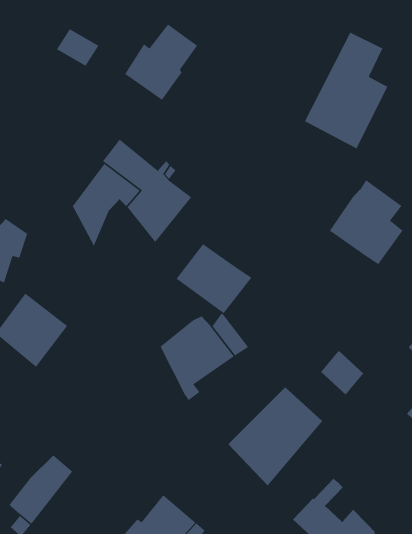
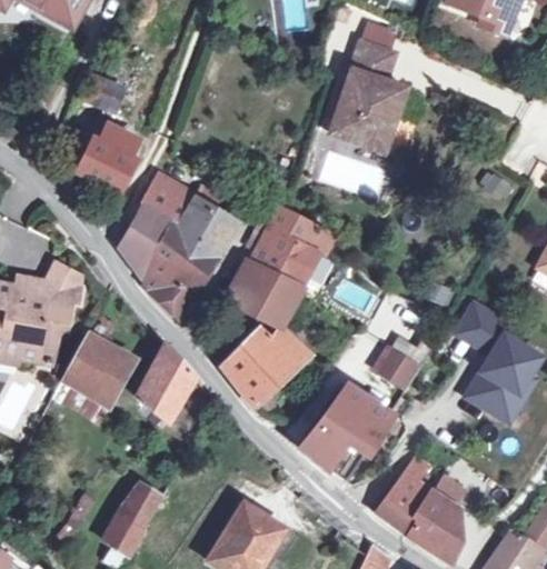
building: [124,23,198,101] -> [78,116,145,190]
building: [329,179,404,265] -> [250,207,321,287]
building: none -> [143,232,205,316]
building: none -> [136,343,193,421]
building: none -> [405,461,457,506]

